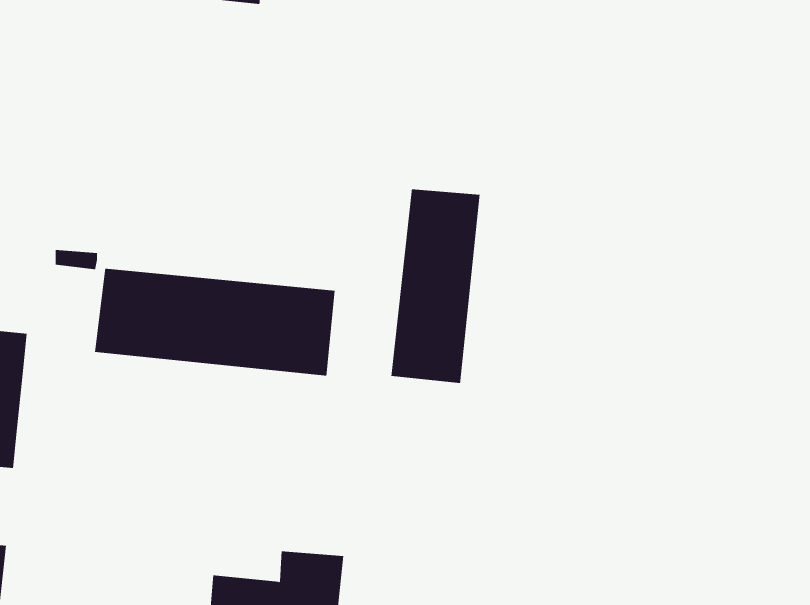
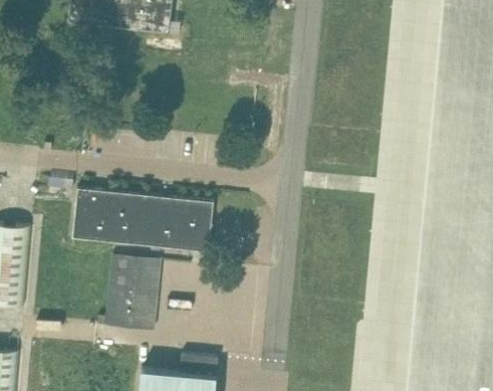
building: [391,188,480,384] -> none
building: none -> [104,255,159,331]

